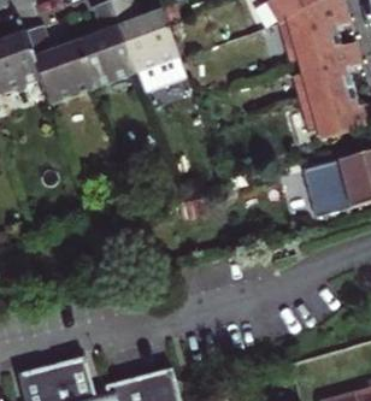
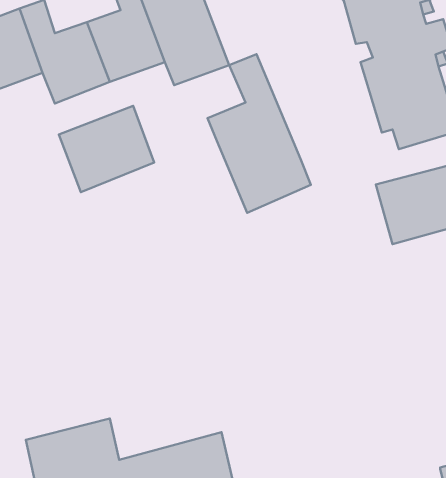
building: none -> [208,54,311,213]
building: none -> [59,106,154,192]

